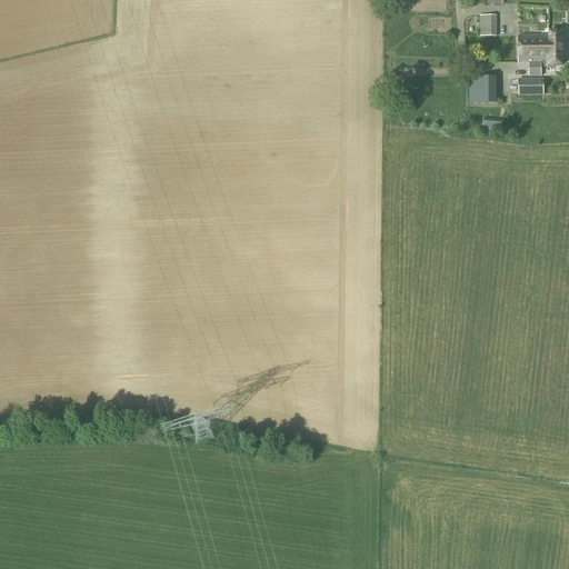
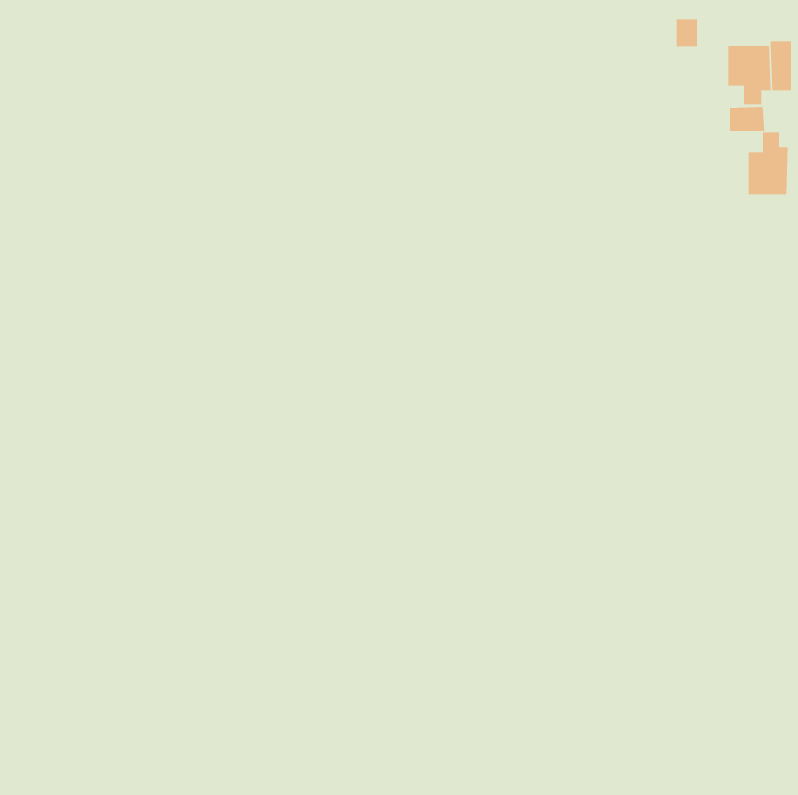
building: [470,74,498,101] -> none
building: none -> [748,131,788,195]

